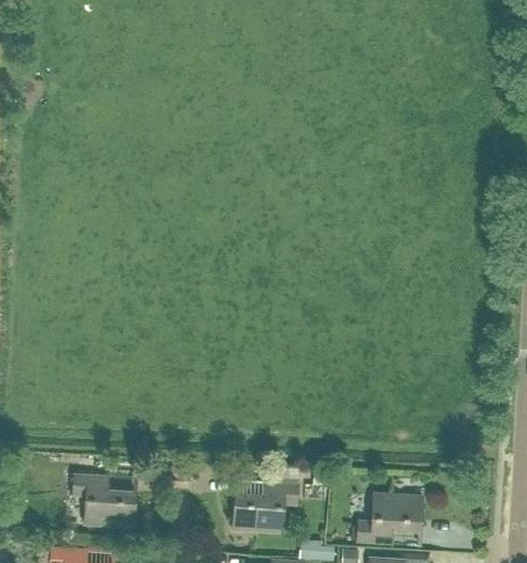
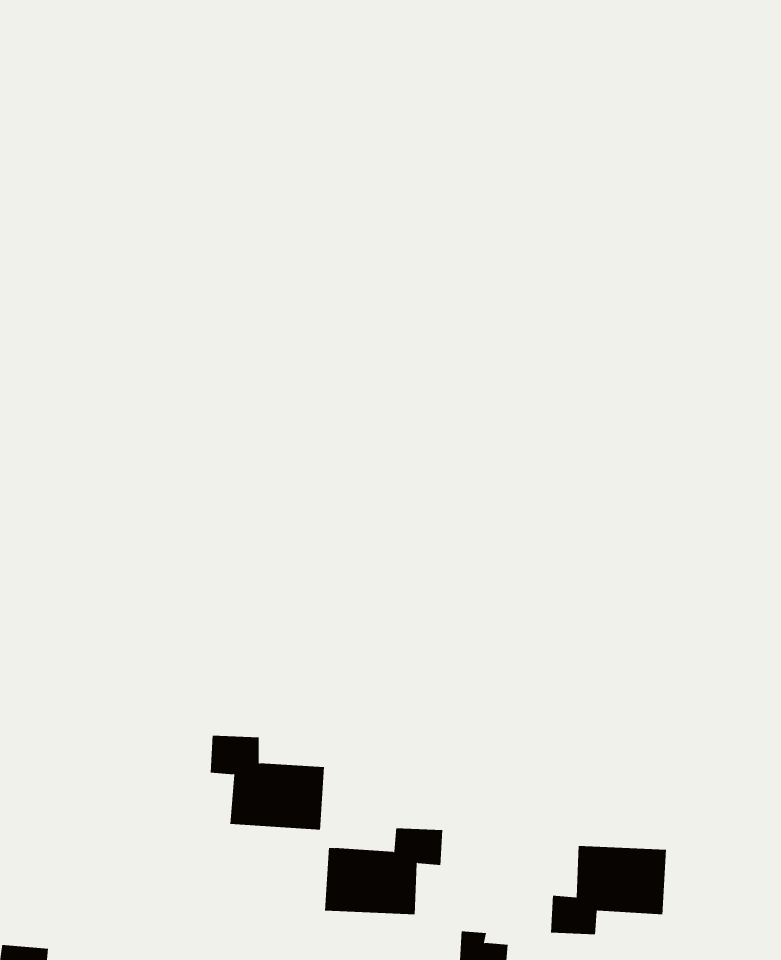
building: [73,473,136,526] -> [210,735,325,830]

